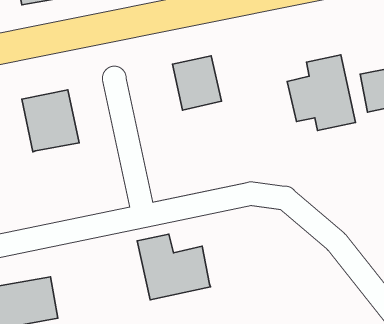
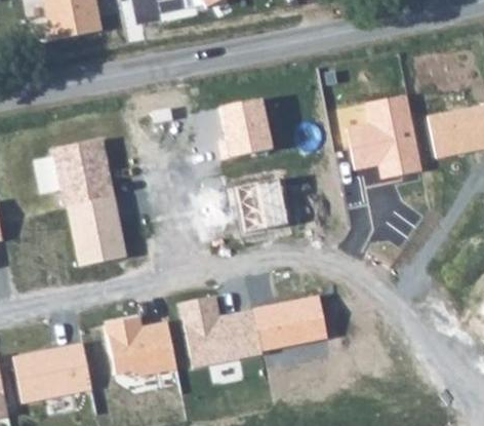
building: none -> [237,179,288,231]
building: none -> [67,193,127,264]
building: none -> [251,295,327,350]
building: none -> [108,316,176,375]

